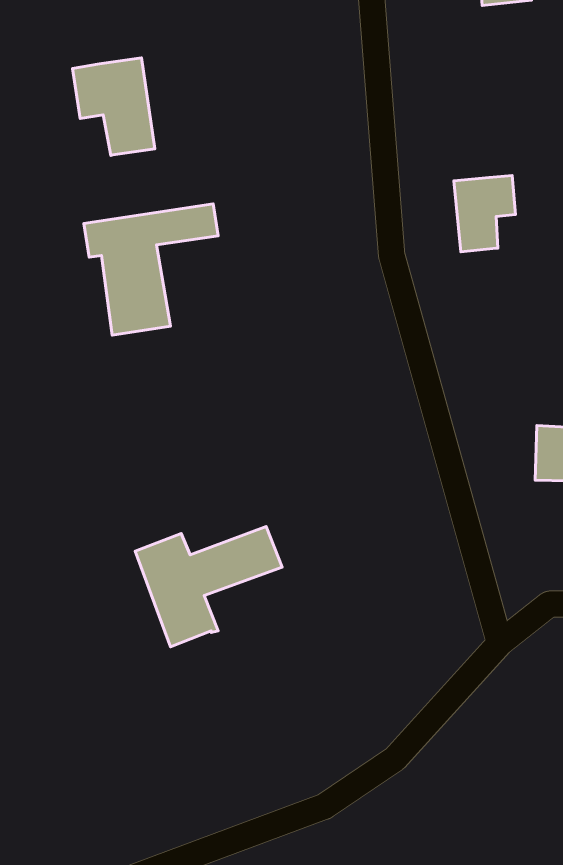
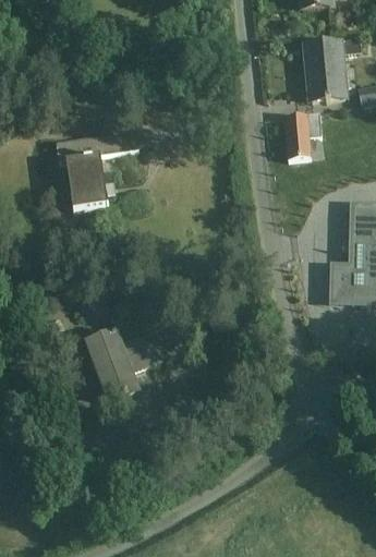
building: [73,58,155,155] -> none
building: none -> [304,41,343,101]

